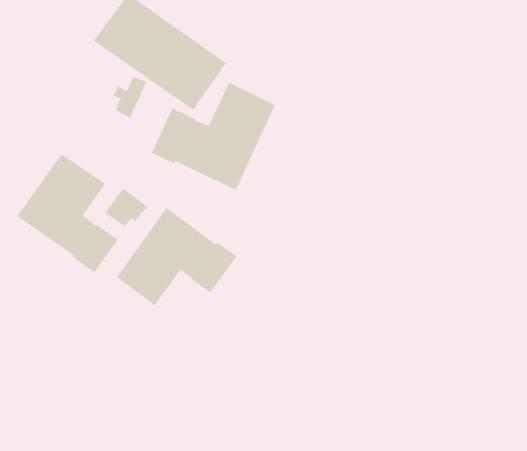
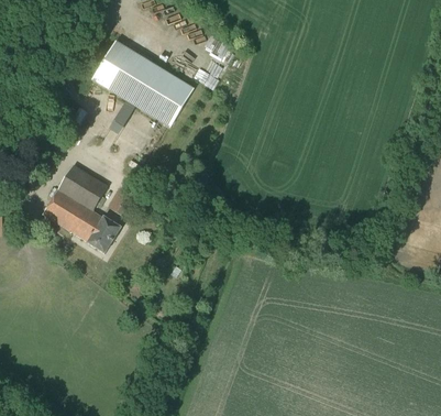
building: [151,82,275,190] -> none
building: [116,207,237,306] -> none

